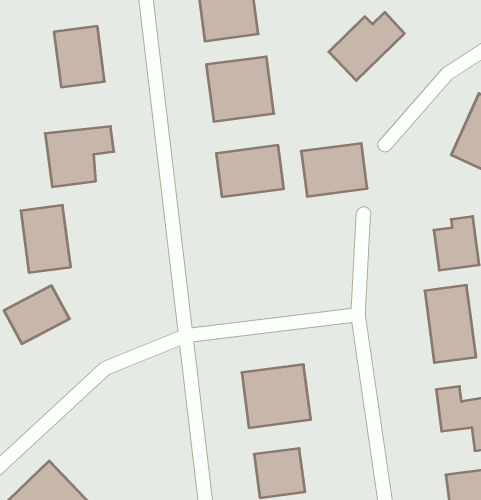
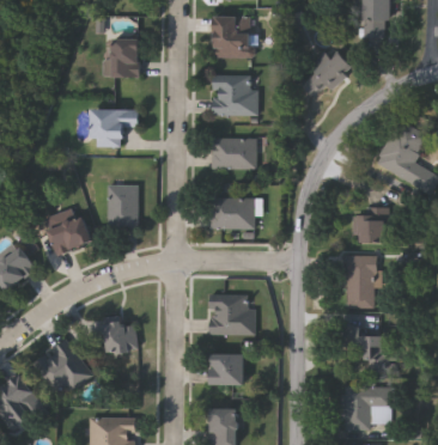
building: [301,143,367,196] -> [209,196,253,228]
building: [21,205,71,273] -> [107,184,136,228]
building: none -> [102,318,138,354]

